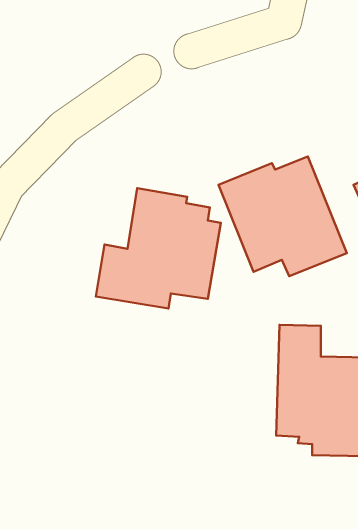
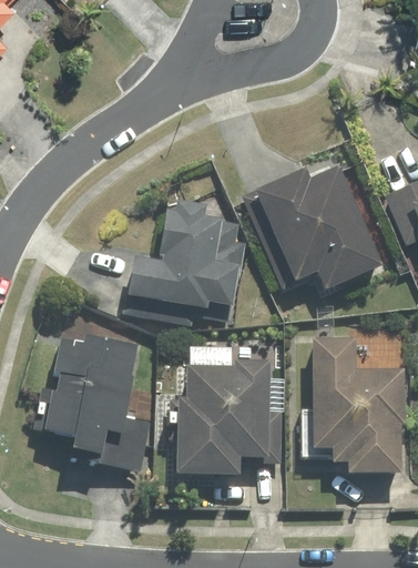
building: none -> [41,336,141,468]
building: none -> [175,365,271,475]

